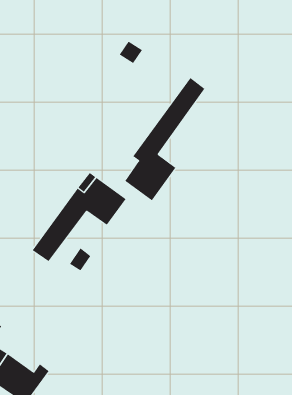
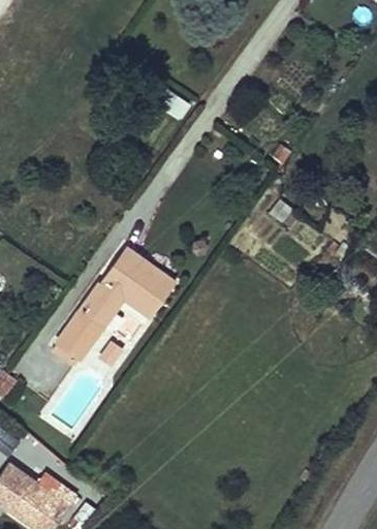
building: [125,77,205,201] -> none

